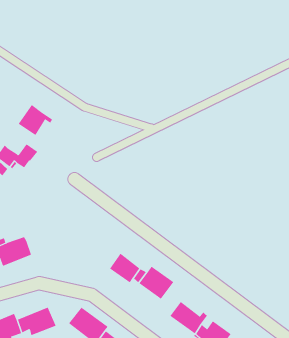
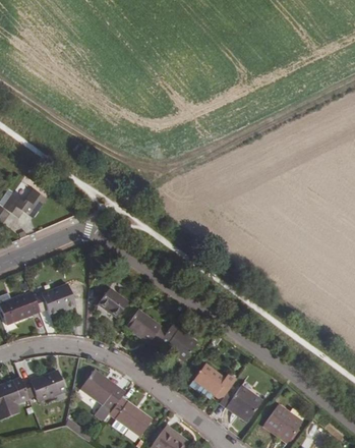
building: [18,104,53,136] -> none
building: none -> [34,284,75,316]
building: none -> [98,288,128,318]

